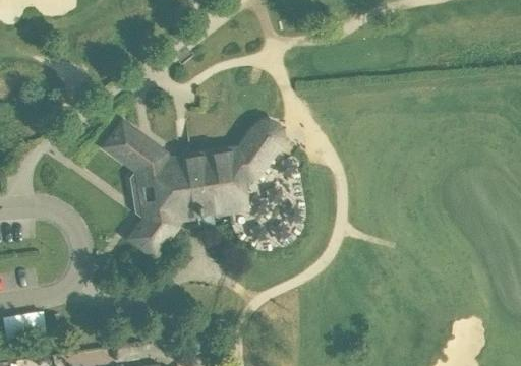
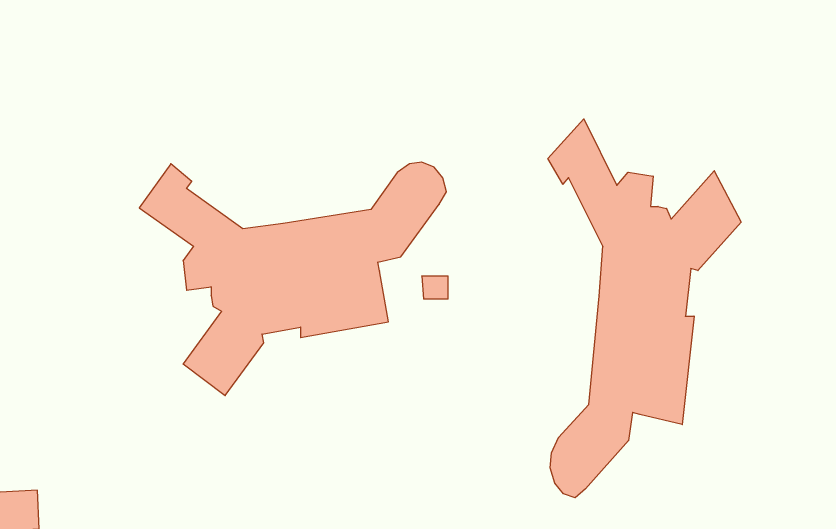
building: none -> [548,119,741,498]

